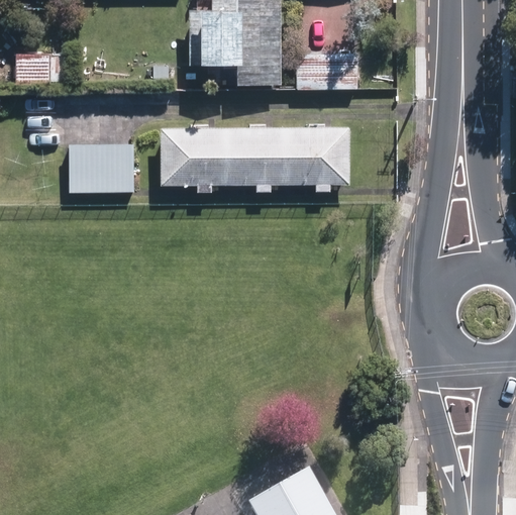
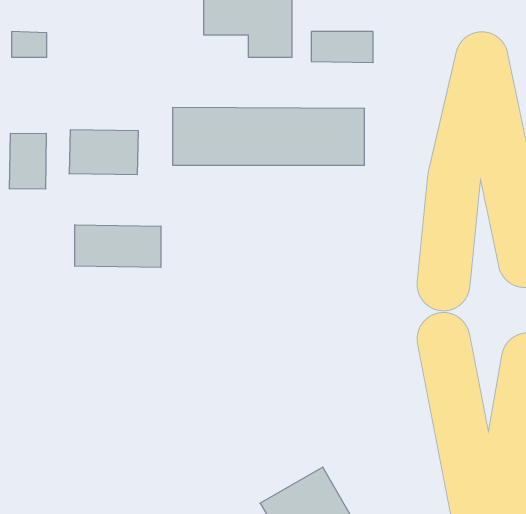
building: none -> [10,133,46,189]
building: none -> [75,225,161,267]

